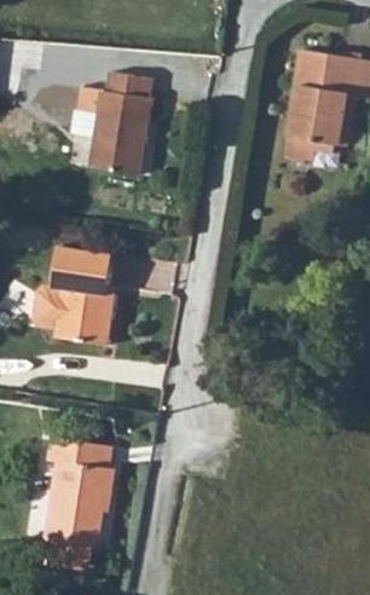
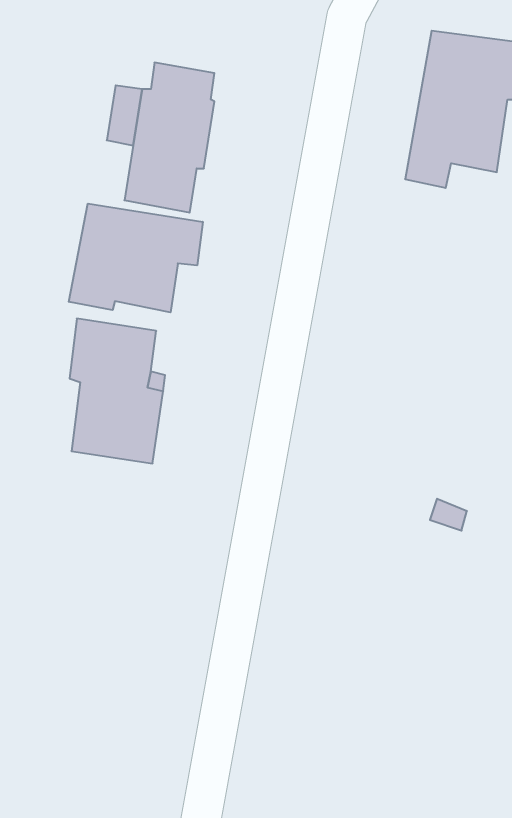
building: none -> [69,204,203,312]
building: [45,437,111,548] -> none

